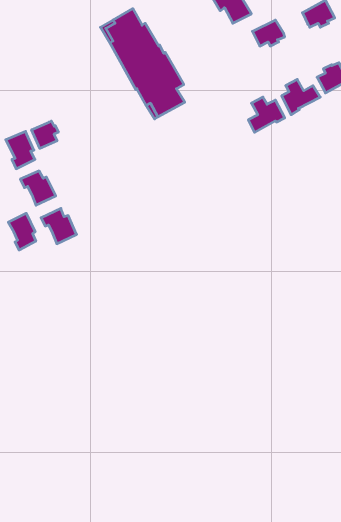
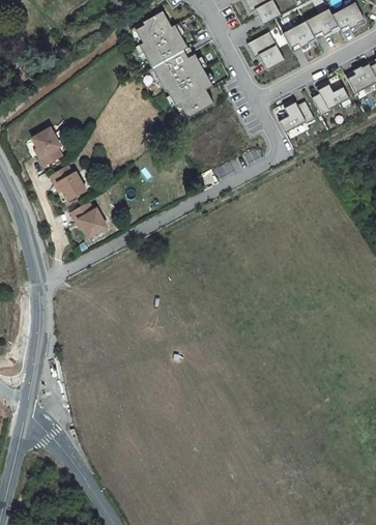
building: none -> [305,7,337,34]
building: none -> [247,31,285,69]
building: [32,121,58,148] -> none
building: [8,213,36,250] -> none

